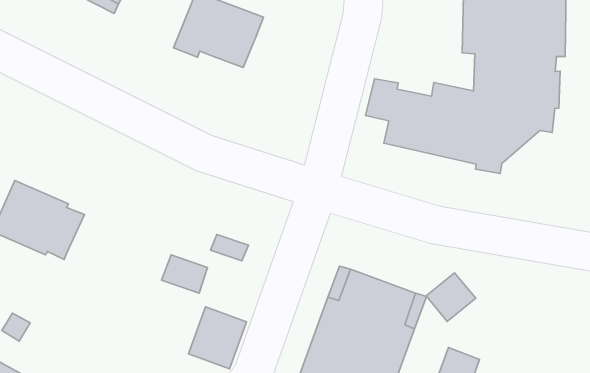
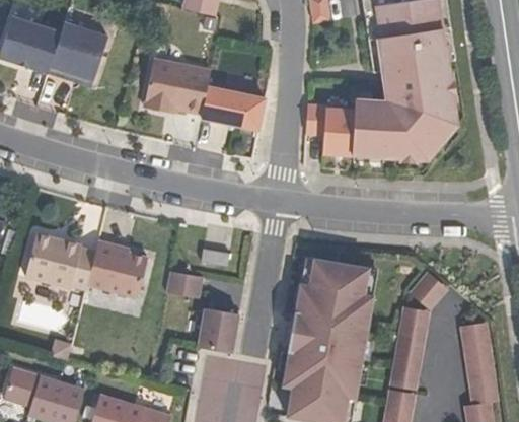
building: none -> [202,85,266,128]
building: none -> [87,240,148,296]
building: [426,273,476,321] -> [409,272,448,311]

